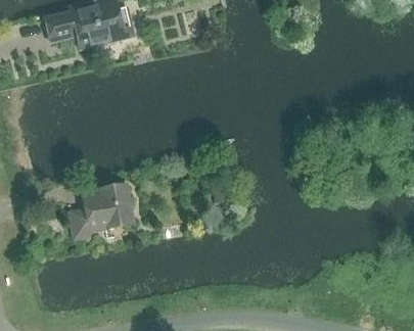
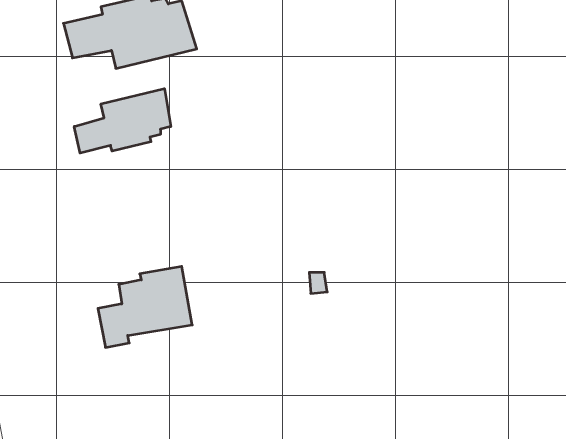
building: none -> [74,89,171,153]

